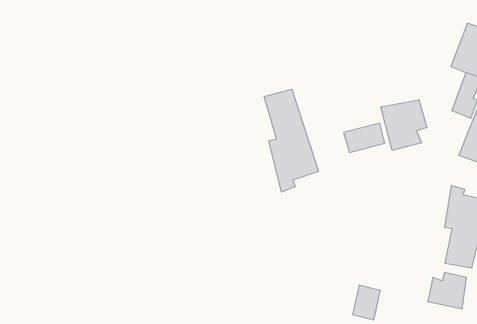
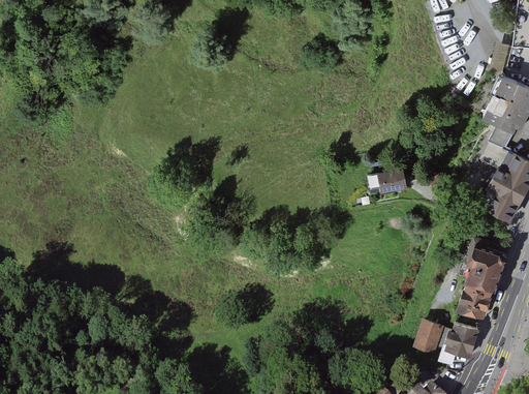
building: [264,89,318,192] -> none
building: [381,100,427,150] -> none
building: [353,285,380,320] -> [414,317,444,354]

